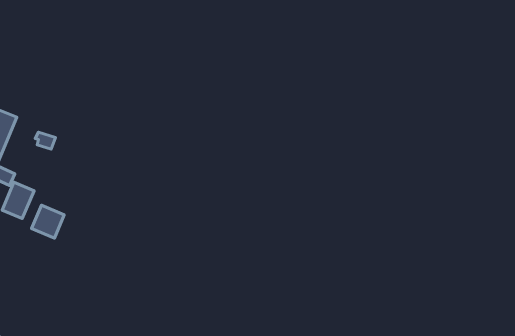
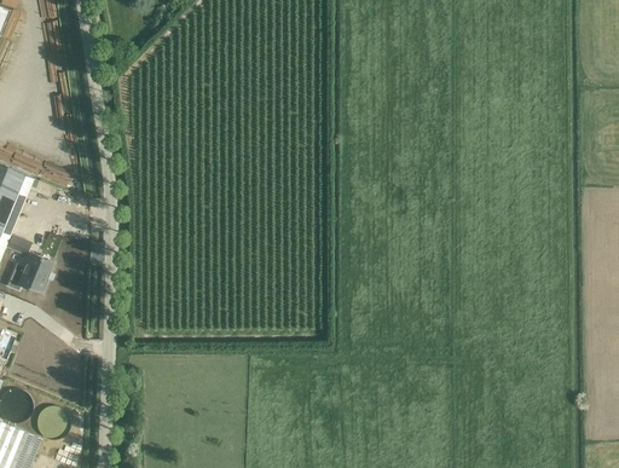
building: [32,205,64,238] -> none

